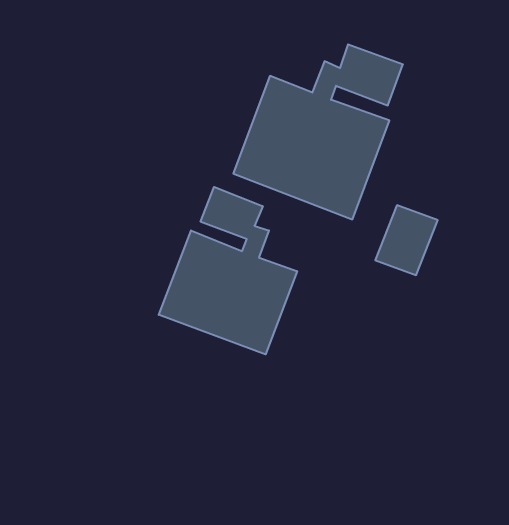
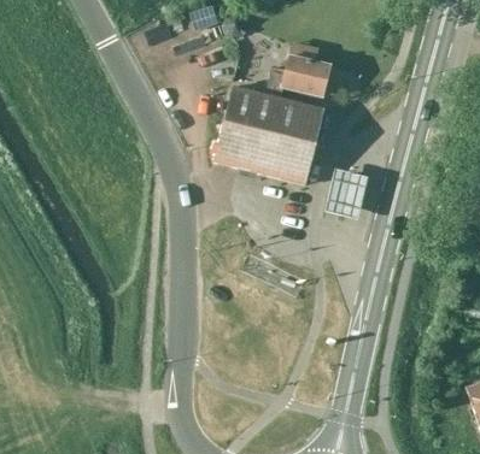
building: [159,187,297,354] -> none

